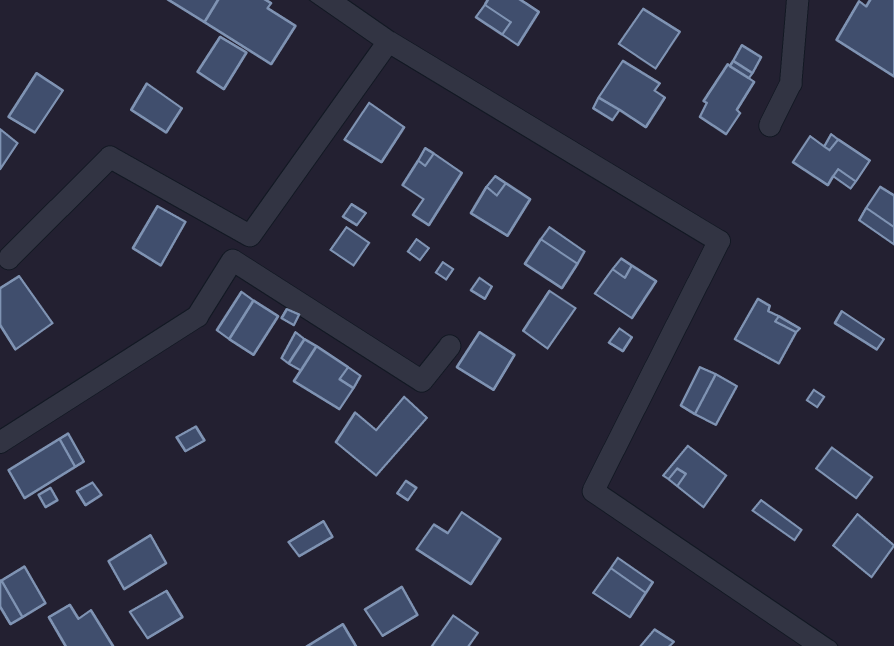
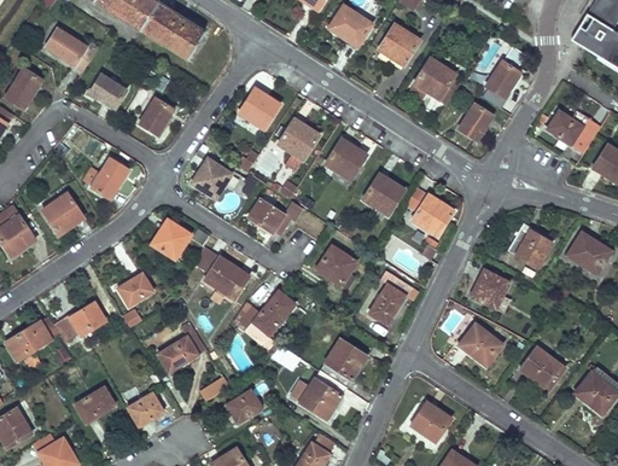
building: [619,9,680,68] -> [378,25,420,66]
building: none -> [45,28,87,66]
building: [197,37,246,89] -> [140,98,174,134]
building: none -> [457,104,492,140]
building: none -> [191,158,231,199]
building: none -> [42,193,83,234]
building: none -> [247,199,302,234]
building: [523,291,576,348] -> [368,284,404,324]
building: none -> [565,239,605,273]
building: none -> [117,272,154,307]
building: none -> [54,302,106,342]
building: [816,447,872,498] -> [525,346,564,381]
building: none -> [157,327,206,373]
building: none -> [319,338,367,388]
building: [365,587,417,636] -> [226,389,262,423]
building: [130,591,182,638] -> [127,392,163,425]

